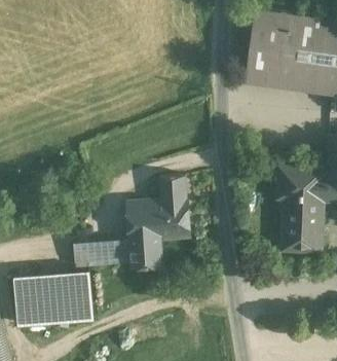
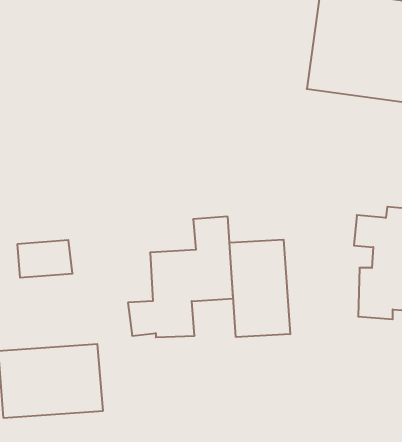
building: none -> [230,240,290,337]
building: [72,241,113,268] -> [17,240,73,278]

